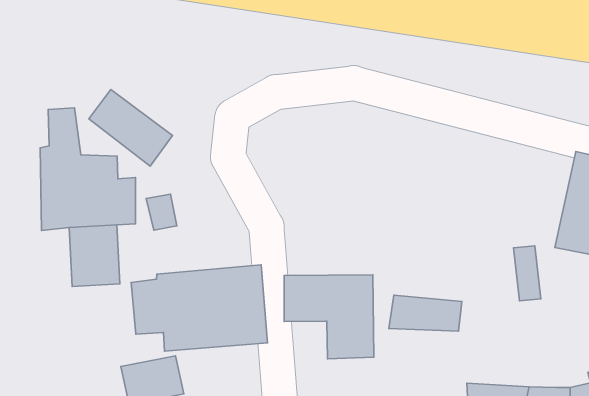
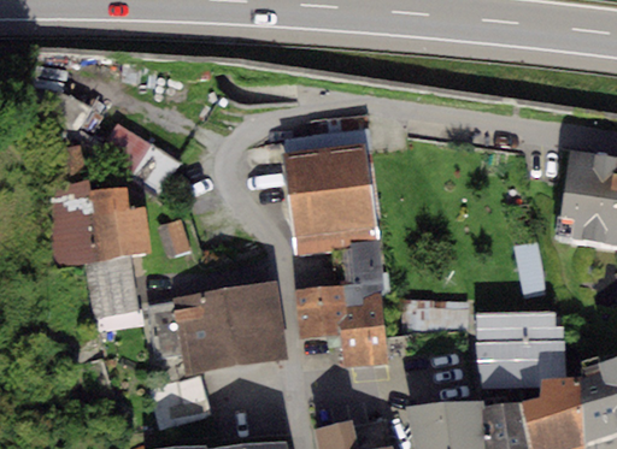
building: none -> [282,143,382,284]
building: none -> [478,313,568,382]

